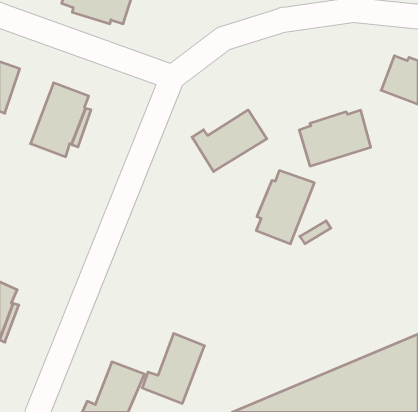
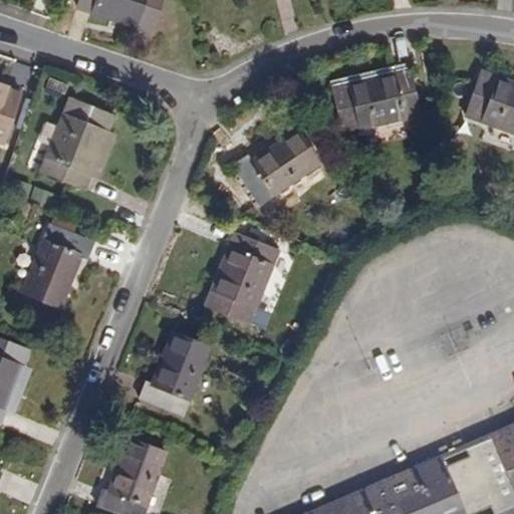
building: [299,110,371,166] -> [338,65,426,134]
building: [256,171,314,244] -> [212,241,283,330]
building: none -> [17,230,90,314]
building: [142,334,205,403] -> [140,340,216,426]

